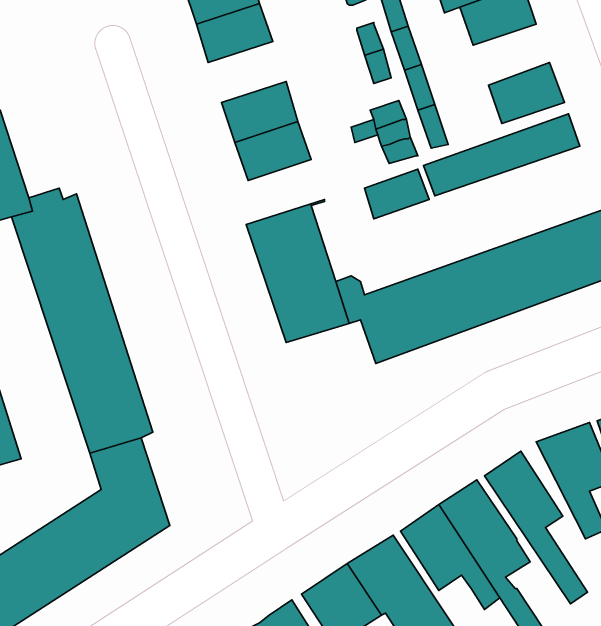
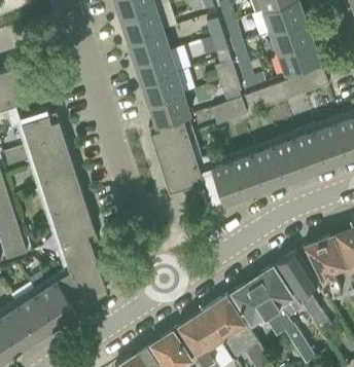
building: none -> [271,20,312,52]
building: none -> [128,29,170,62]
building: none -> [149,93,190,125]

